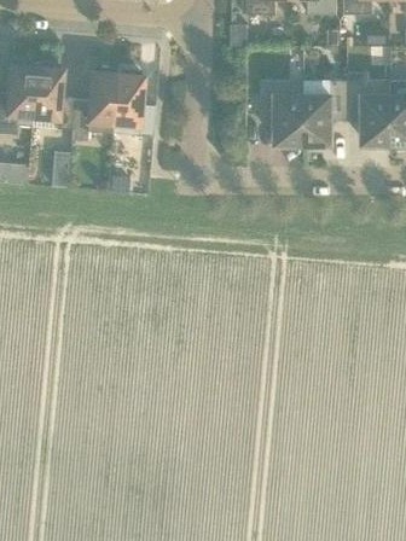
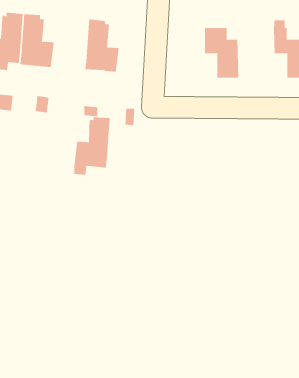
building: [70,68,116,140] -> [73,117,110,175]
building: [302,80,347,142] -> none

